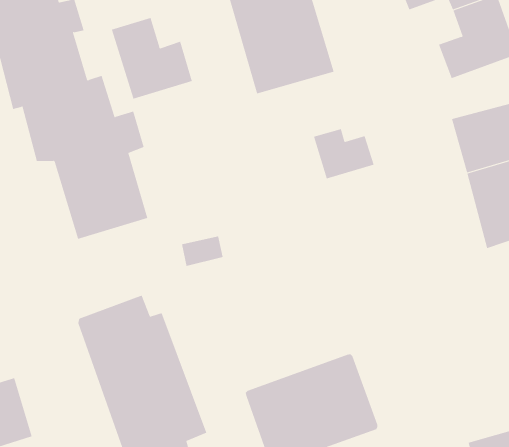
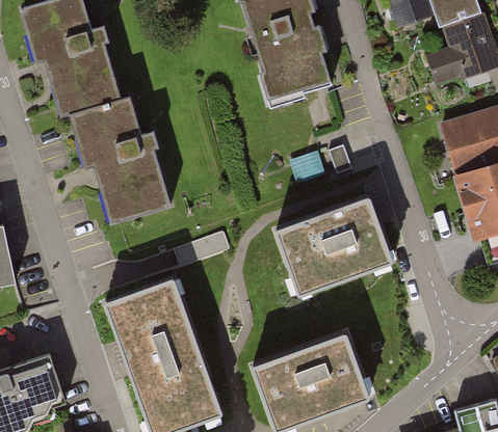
building: [111,17,193,99] -> none
building: none -> [278,196,391,291]

